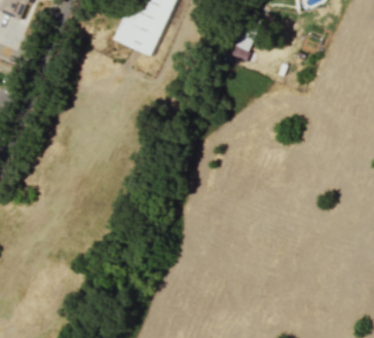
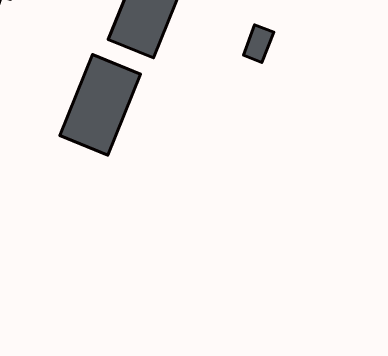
building: none -> [60,55,141,155]

